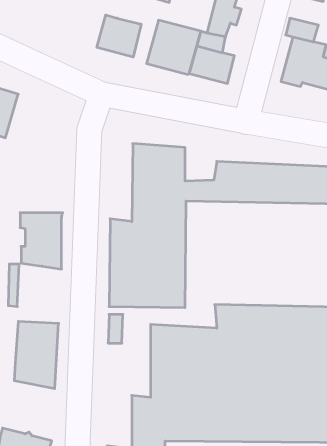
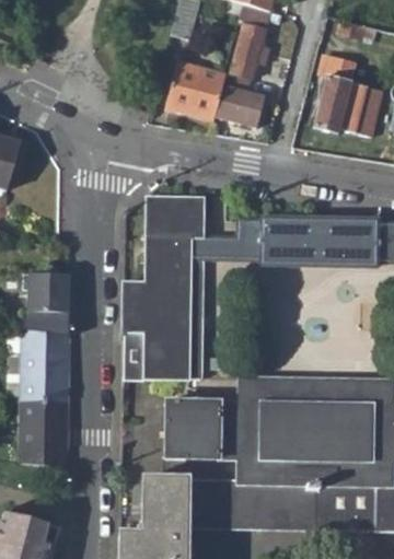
building: [97,15,141,57] -> none
building: none -> [22,329,70,396]

